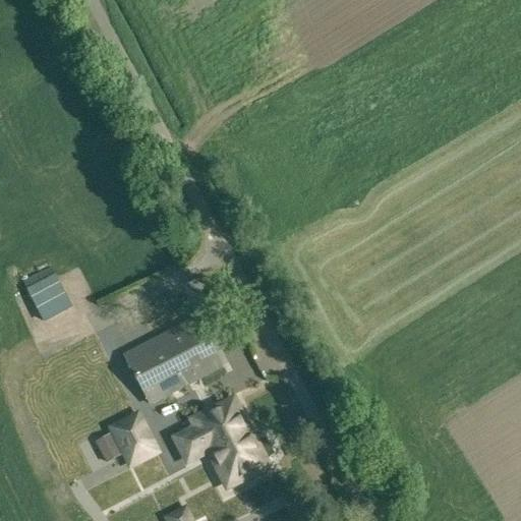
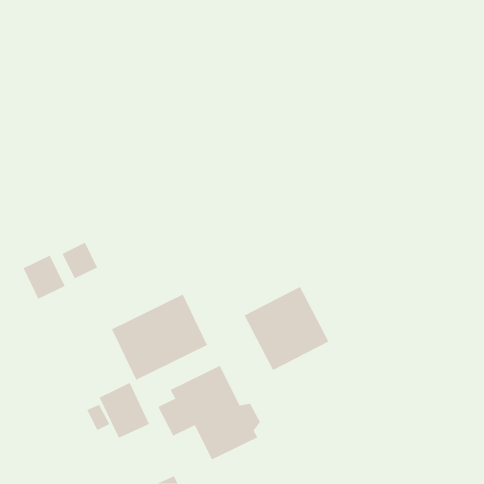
building: none -> [62,242,98,279]
building: none -> [244,286,329,371]

